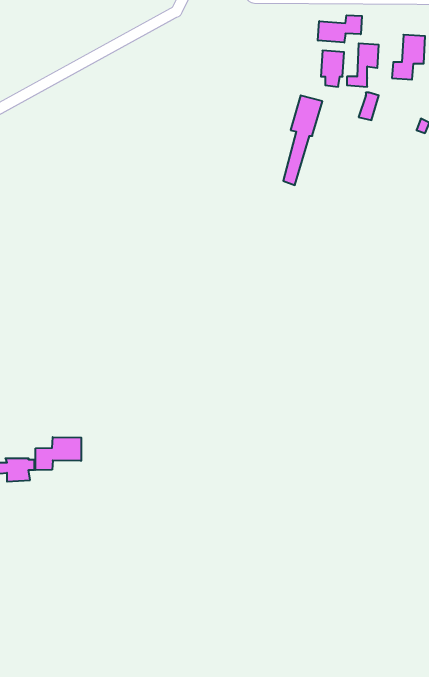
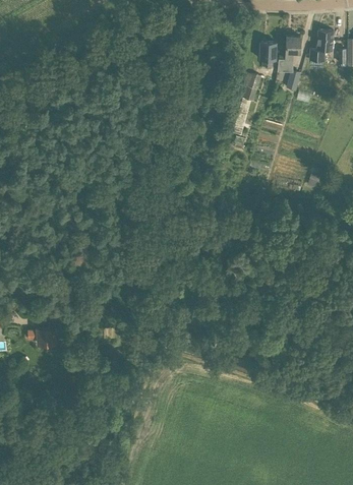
building: [318,15,362,43] -> none
building: [36,437,81,470] -> none

